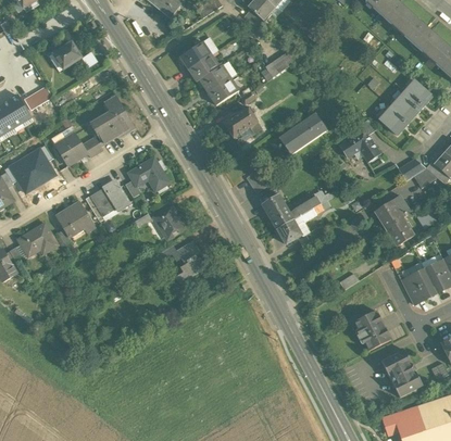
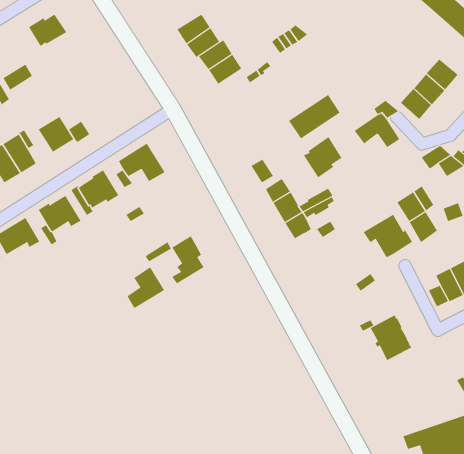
building: [91,96,135,143] -> none
building: [223,106,261,137] -> none
building: none -> [303,136,342,178]
building: [153,205,185,235] -> none
building: none -> [363,214,413,258]
building: none -> [127,266,165,309]
building: [380,349,422,396] -> none

